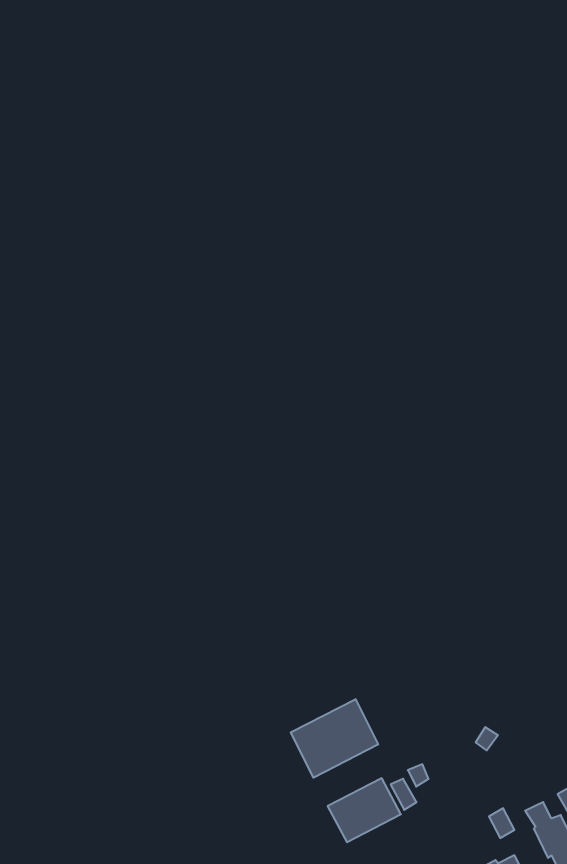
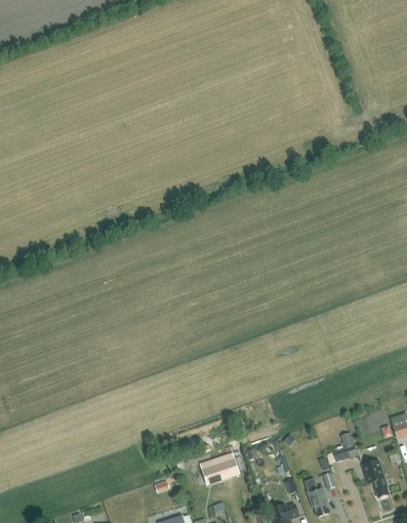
building: [291,699,378,778] -> none

